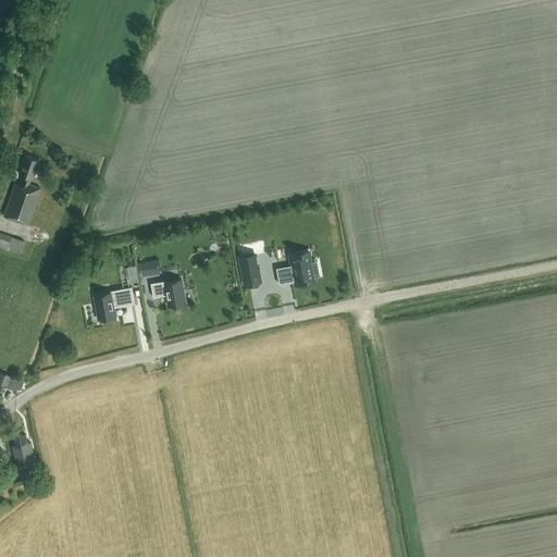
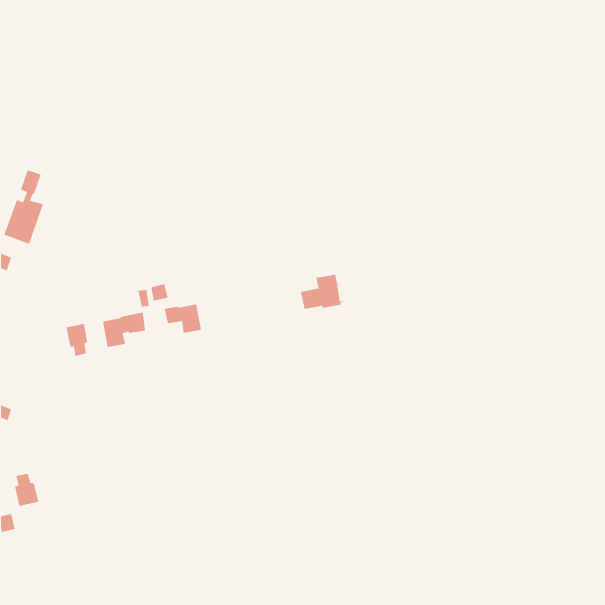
building: [240,256,261,285] -> none
building: none -> [66,323,88,357]

